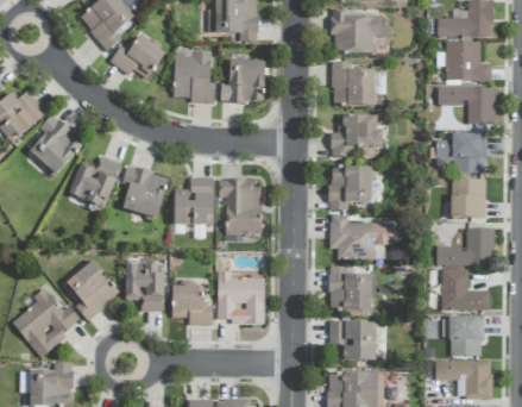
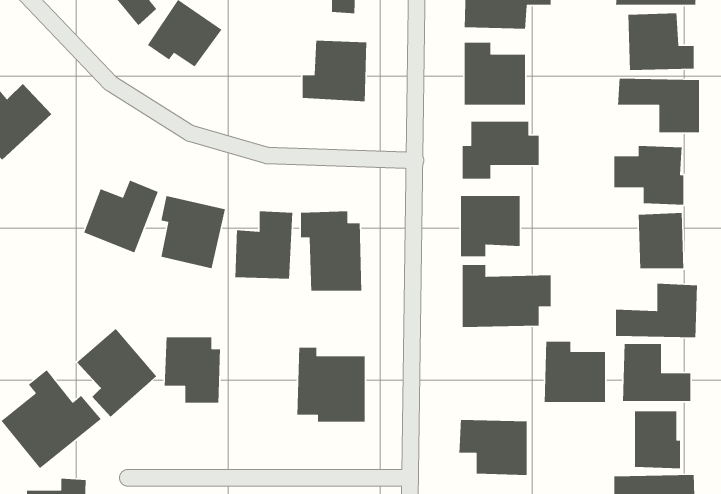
building: [174,49,214,104] -> none
building: [25,114,83,174] -> none
building: [328,267,371,309] -> [544,341,606,403]
building: [171,284,213,325] -> none

